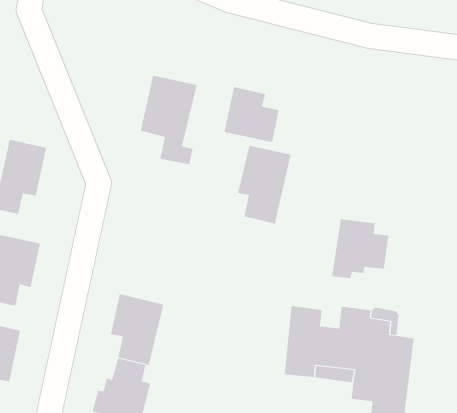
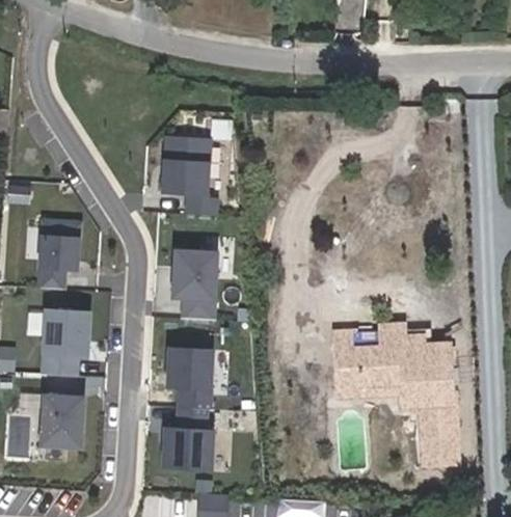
building: [224,86,279,143] -> none
building: [237,145,292,224] -> [172,250,217,320]
building: [331,218,389,279] -> none

